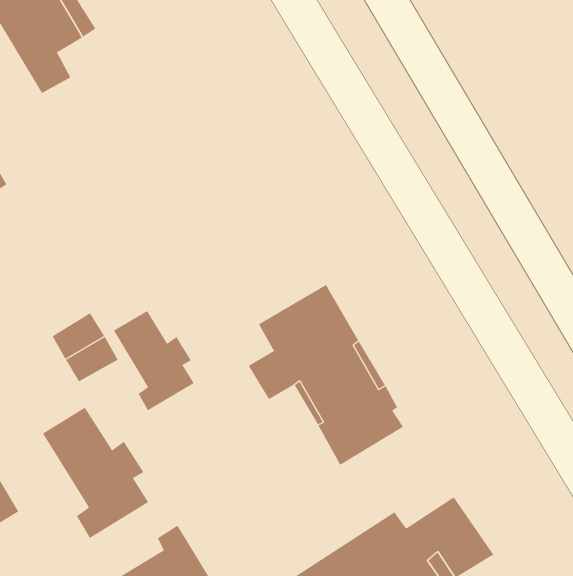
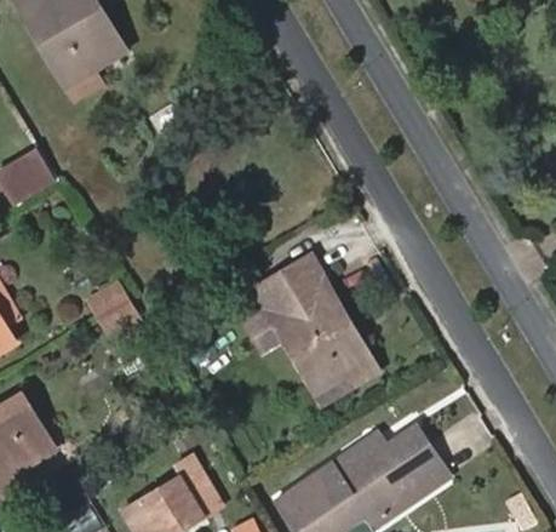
building: [113,310,194,411] -> none
building: [42,407,149,539] -> none

